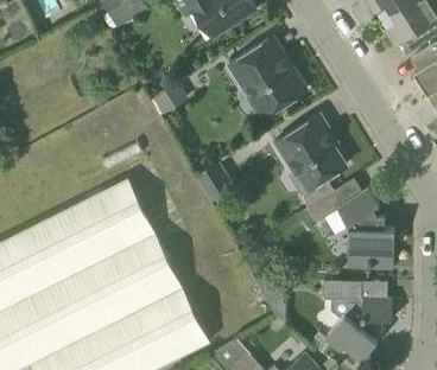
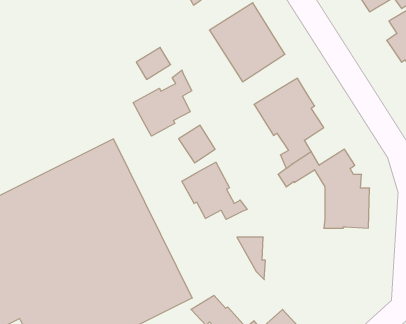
building: none -> [133,70,192,136]
building: none -> [182,162,247,219]
building: [323,280,392,361] -> none

